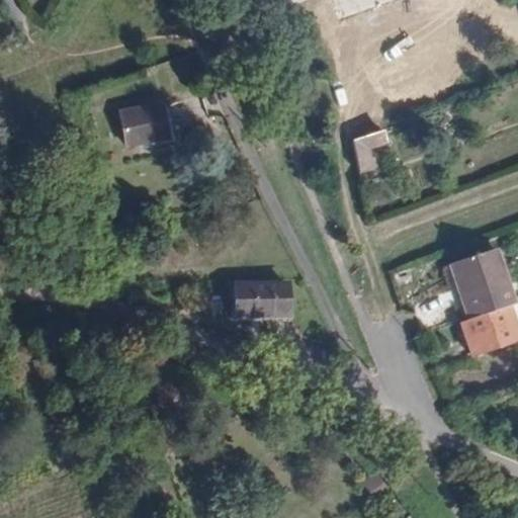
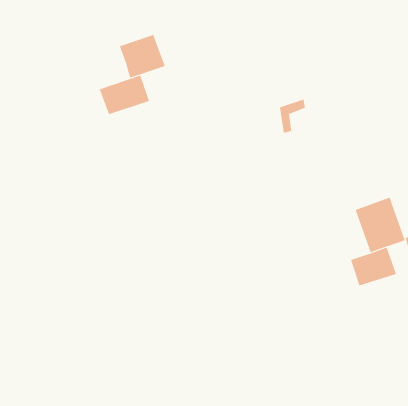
building: none -> [119,34,166,78]
building: [239,286,298,325] -> none

